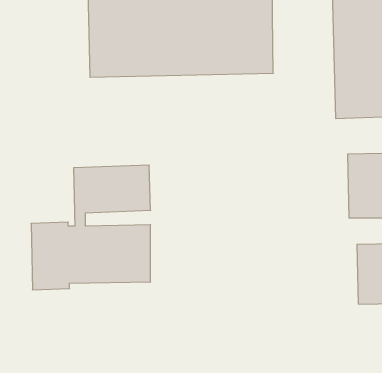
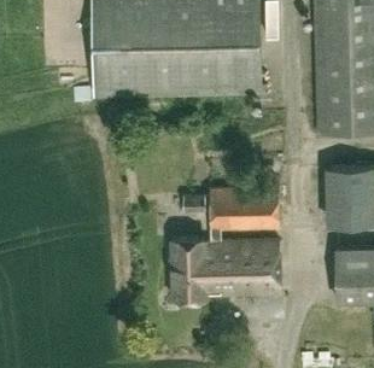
building: [31,165,151,290] -> [171,187,280,300]

